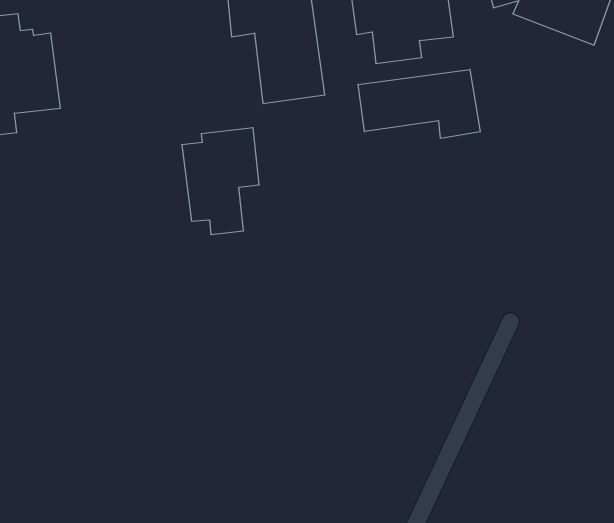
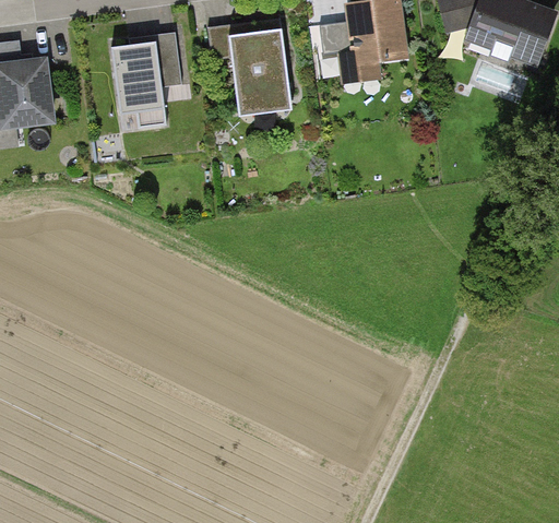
building: [358,69,480,138] -> none
building: [182,128,259,234] -> [110,33,180,129]

